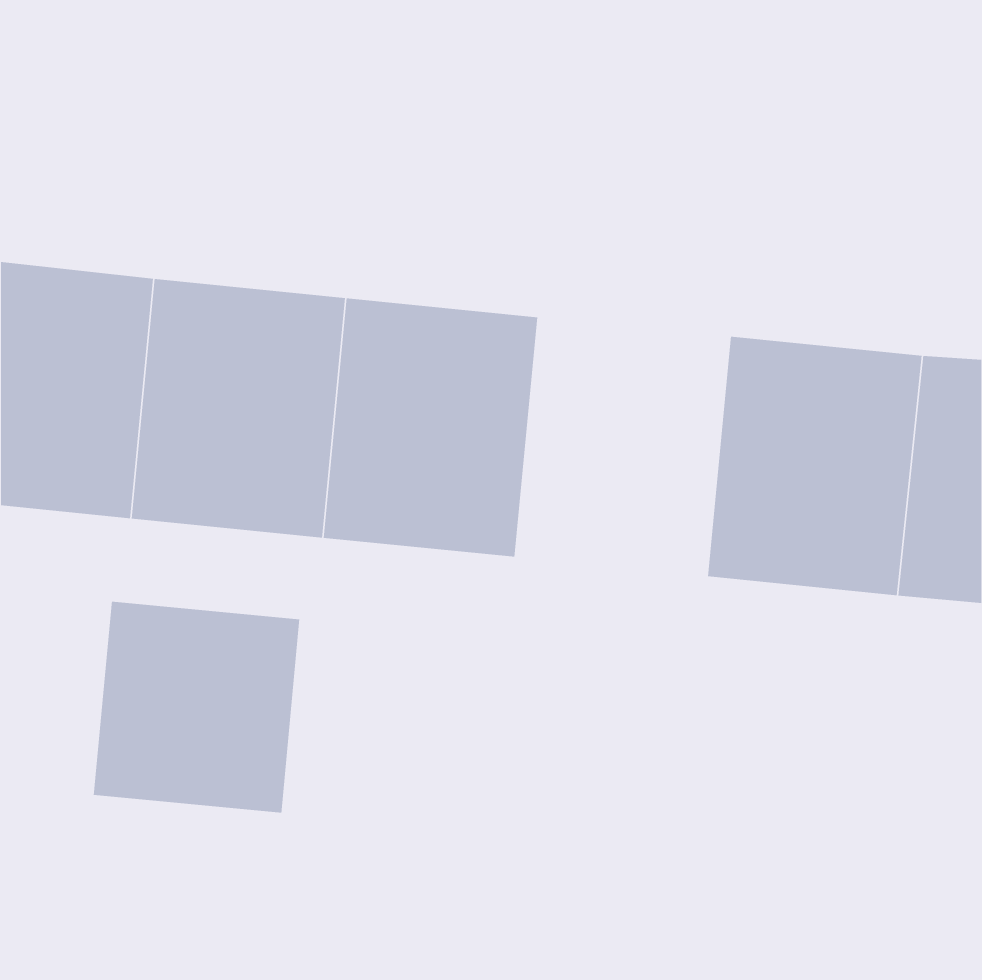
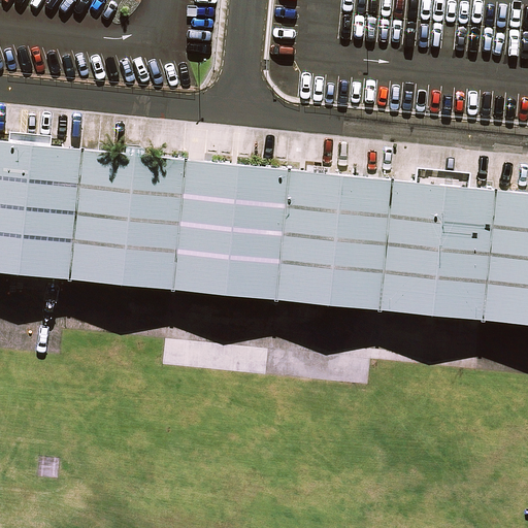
building: none -> [276,170,392,309]
building: [93,601,300,813] -> none

